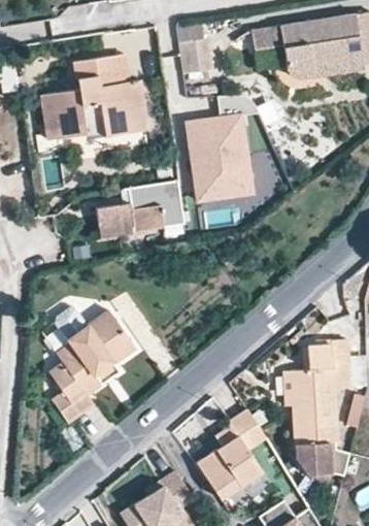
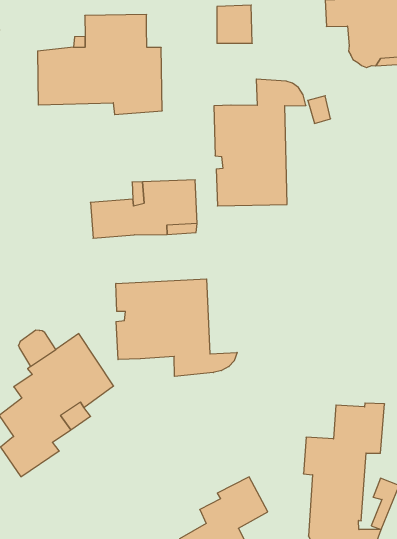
building: none -> [116,279,237,376]

